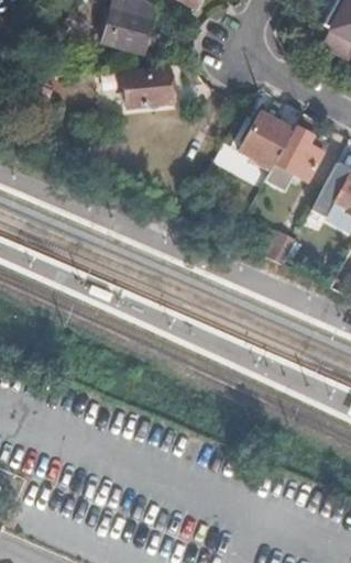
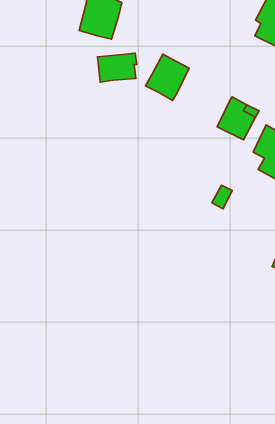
building: [235,113,290,172] -> [145,54,189,101]

